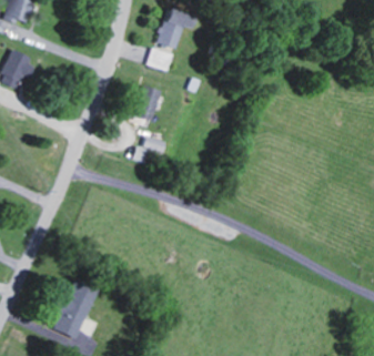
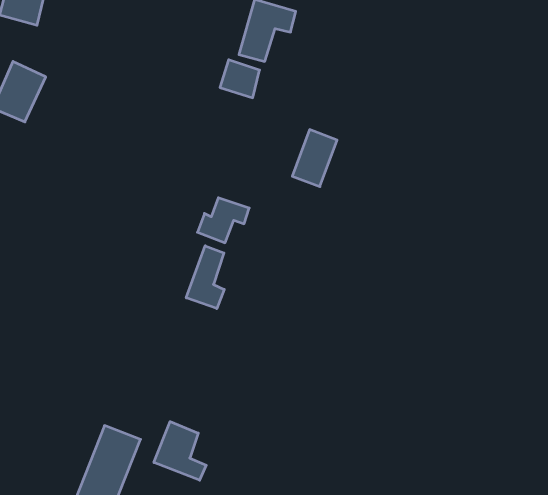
building: [132,84,161,121] -> [292,130,337,187]
building: none -> [186,246,224,309]
building: none -> [154,422,206,480]

